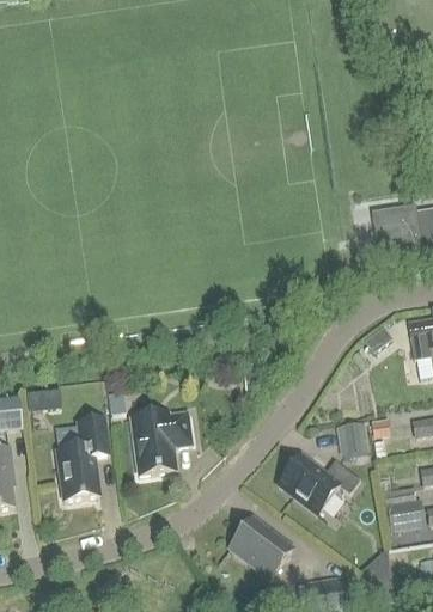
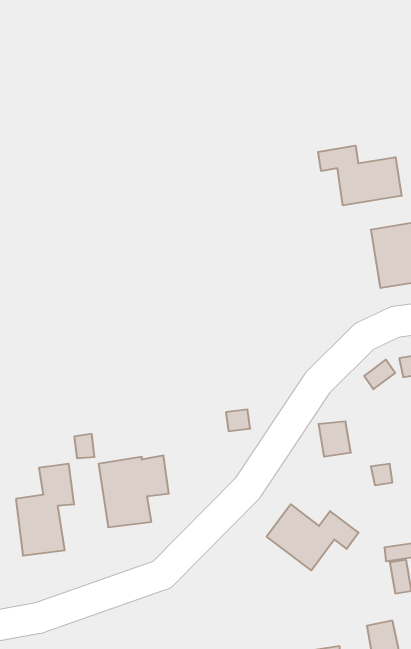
building: none -> [318,146,402,205]
building: [339,422,367,453] -> [318,421,351,457]
building: [230,518,291,576] -> none

